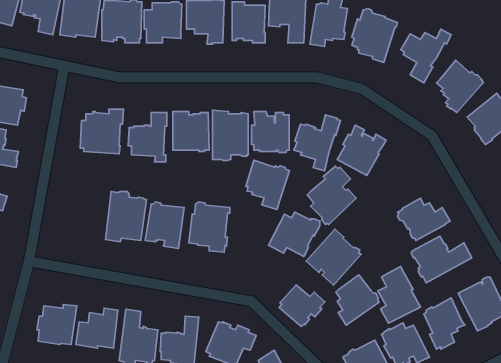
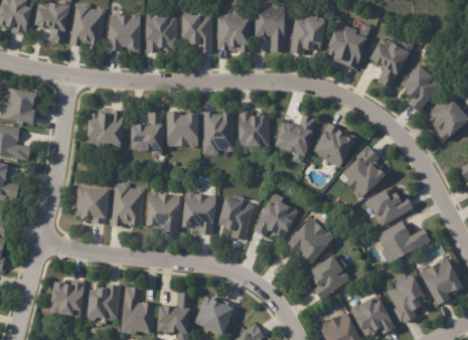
building: [246,160,289,209] -> [217,197,256,240]
building: [307,166,356,224] -> [344,146,387,197]
building: none -> [74,187,107,225]
building: [378,266,420,323] -> none
building: [279,285,325,327] -> none

